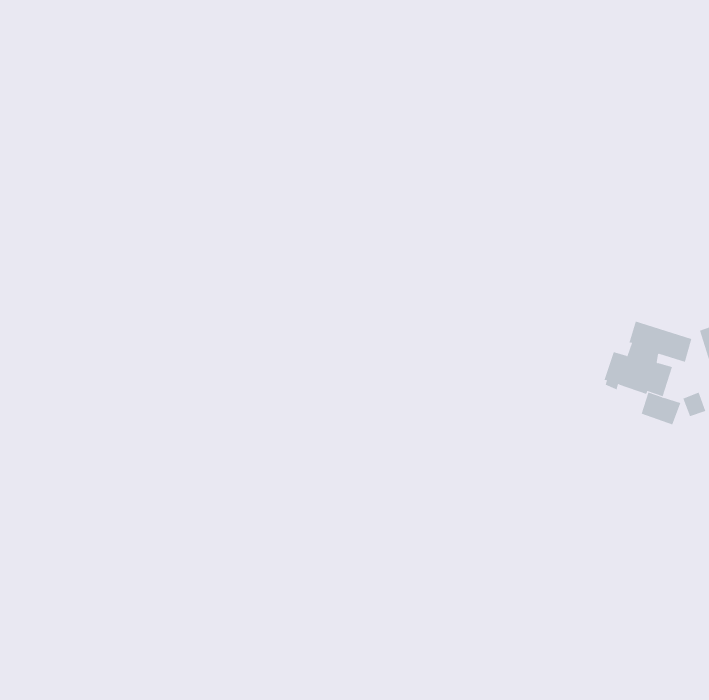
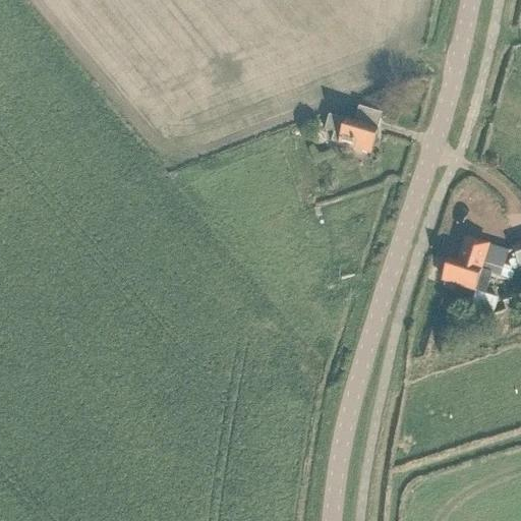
building: none -> [325,102,384,151]

